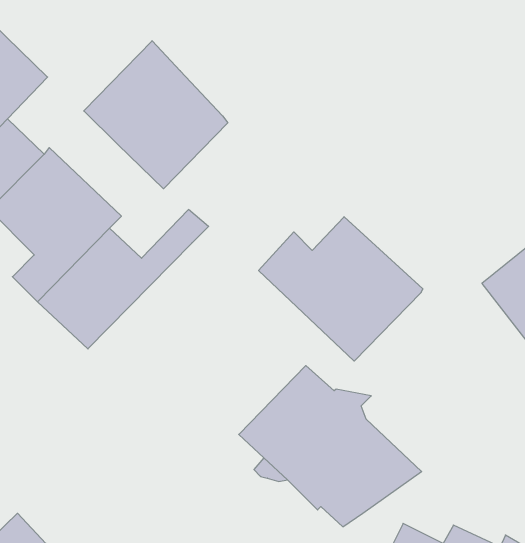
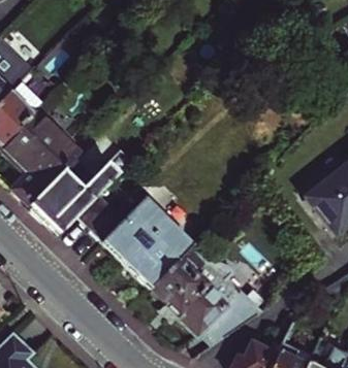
building: [84,41,228,189] -> none
building: [259,217,423,361] -> [93,199,194,288]

